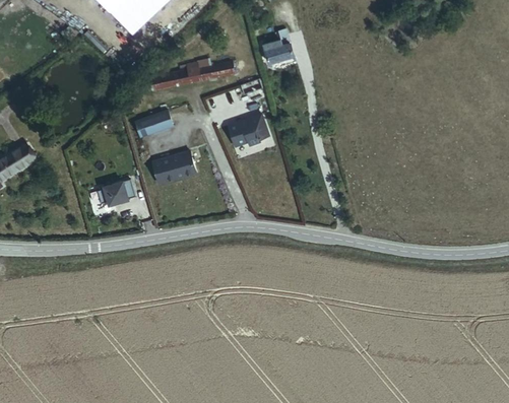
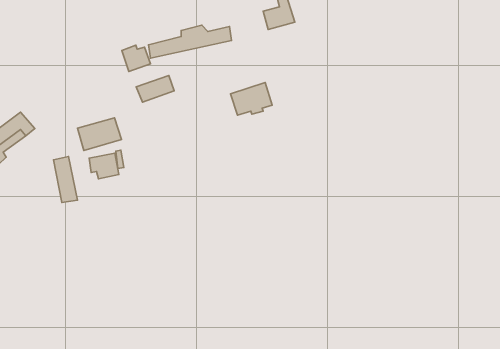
building: none -> [122,45,150,71]
building: [157,149,201,182] -> [78,118,122,151]
building: none -> [53,156,77,202]

